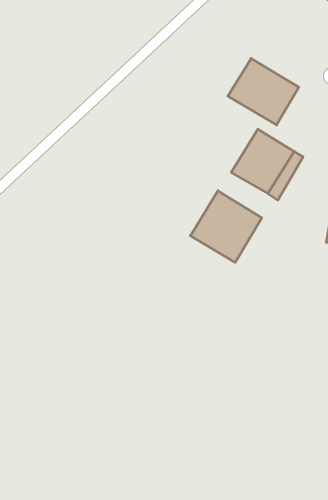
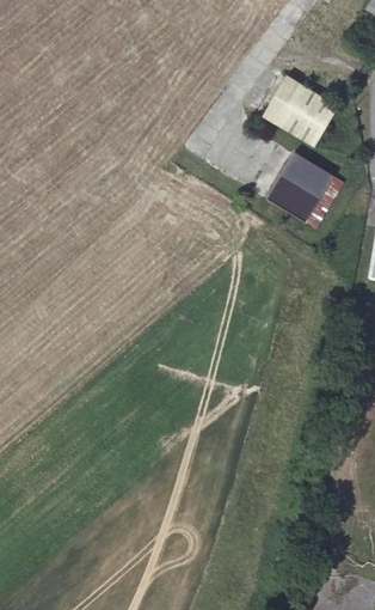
building: [190,191,262,262] -> none

